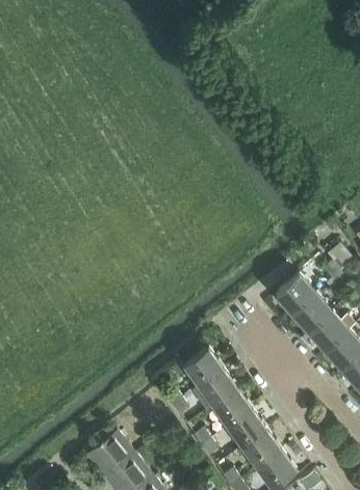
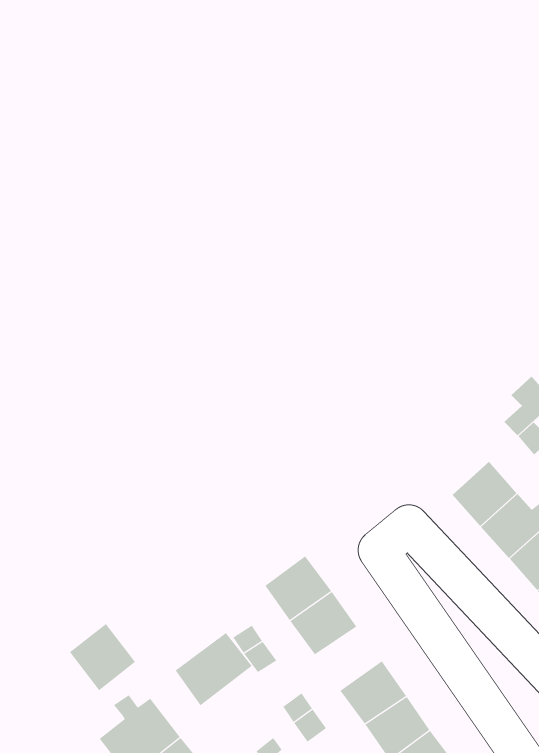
building: [276,274,315,314] -> none
building: none -> [69,623,136,691]
building: [213,390,253,428] -> none
building: none -> [175,632,252,706]

